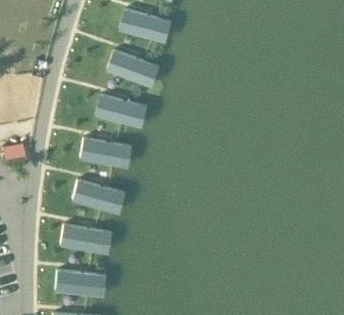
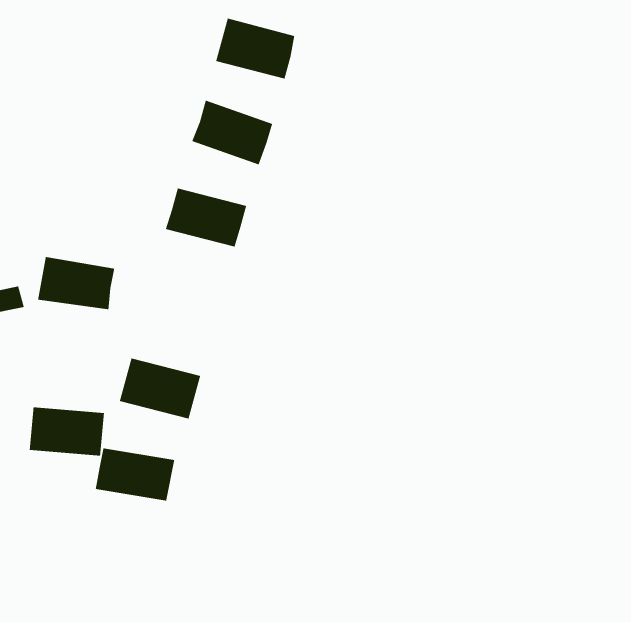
building: [80,137,119,165] -> [37,256,115,310]
building: [56,270,94,295] -> [29,406,105,456]

